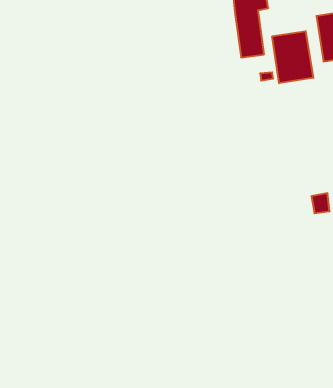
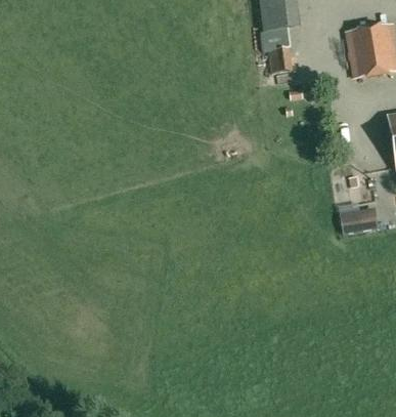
building: [272,31,313,83] -> none

